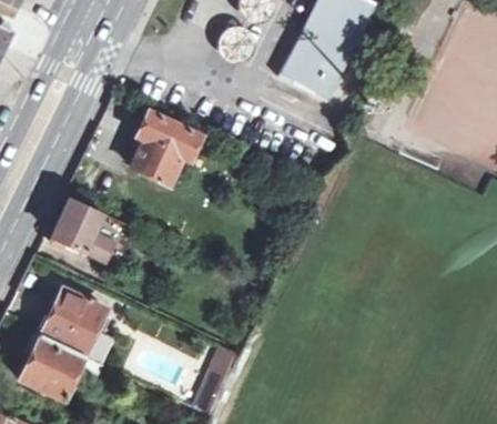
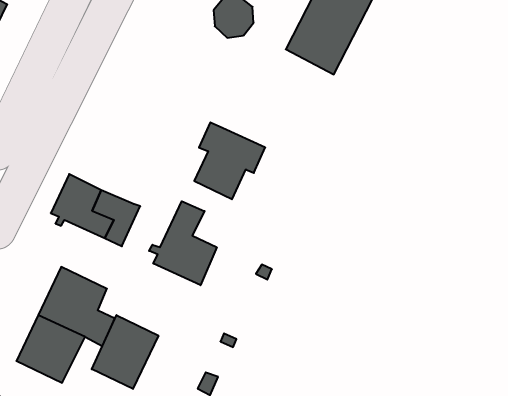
building: [132,111,201,185] -> [194,122,265,199]
building: none -> [149,201,217,285]
building: none -> [92,315,158,389]

